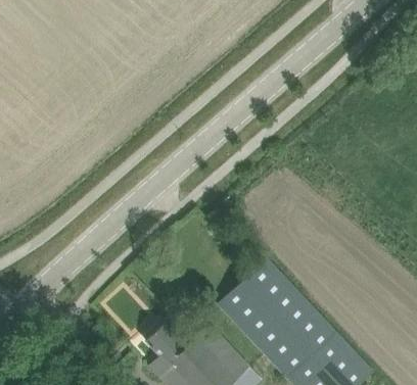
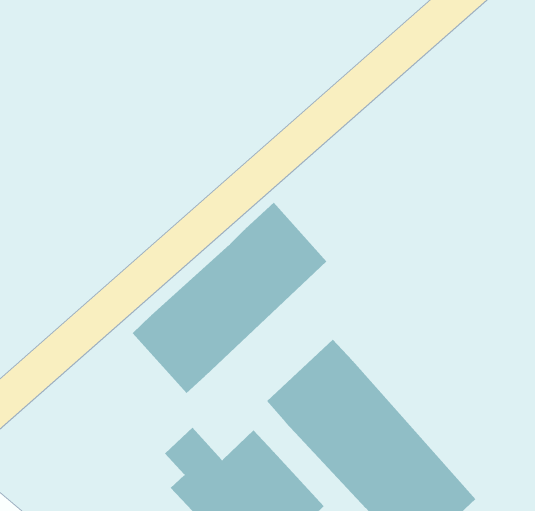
building: none -> [132,202,327,394]

